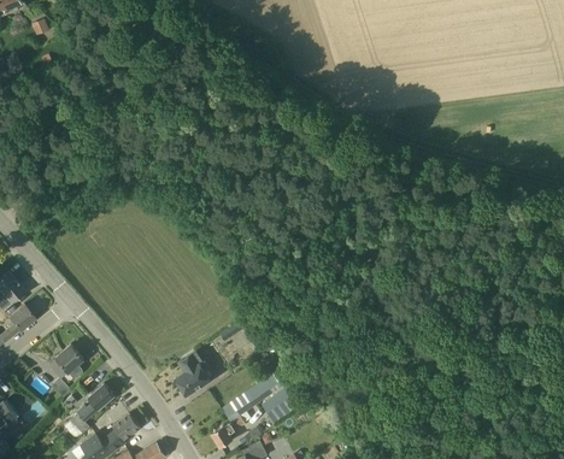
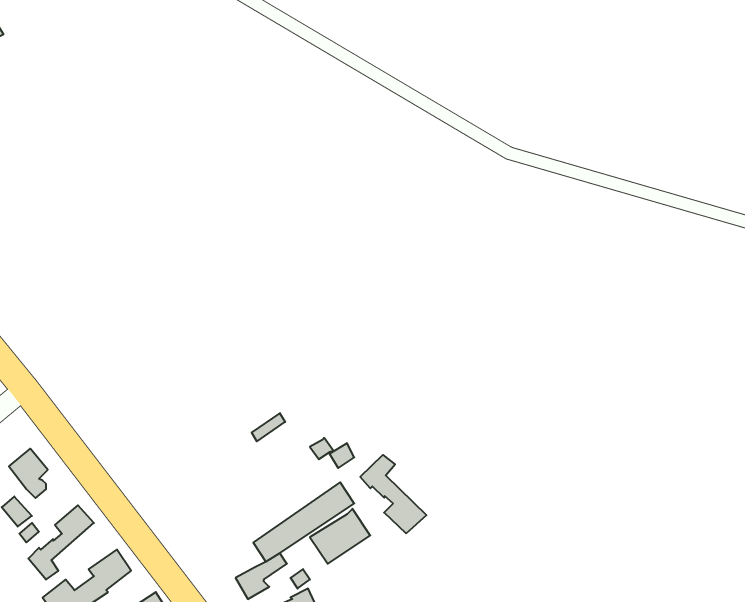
building: none -> [360,455,426,533]
building: [175,351,213,395] -> none

